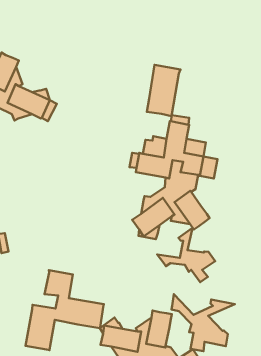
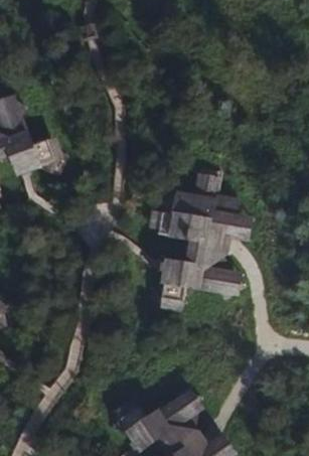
building: [147,65,180,116] -> none
building: [157,228,215,282] -> none
building: [26,270,104,350] -> none
building: [171,294,235,351] -> none

